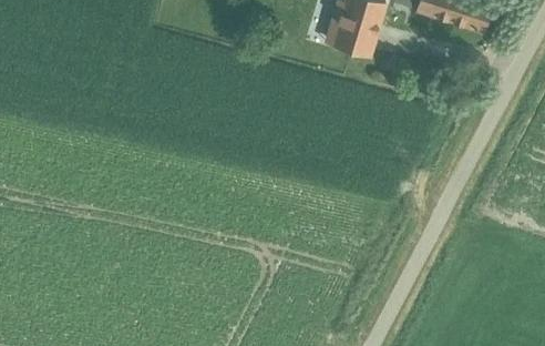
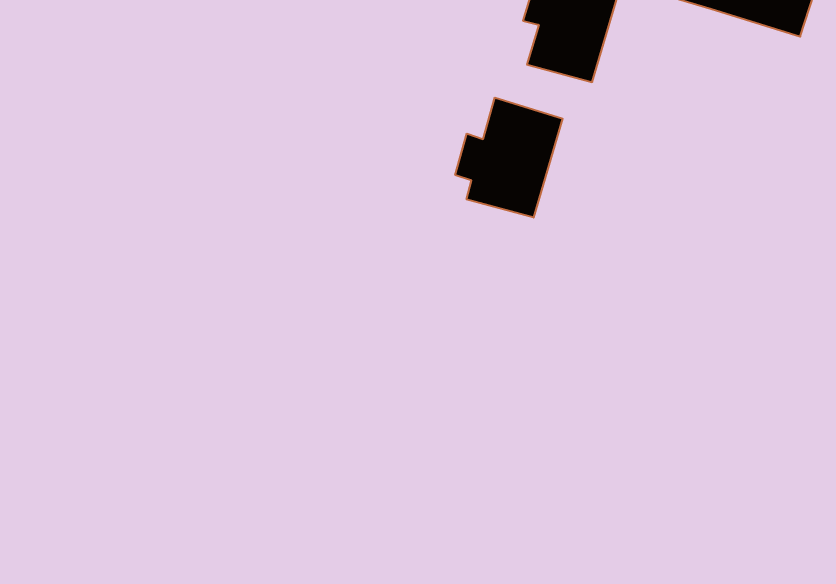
building: none -> [455,98,563,218]

